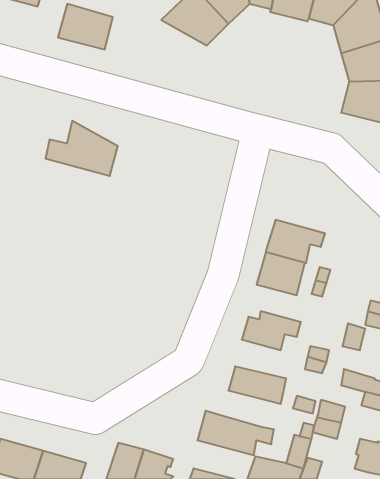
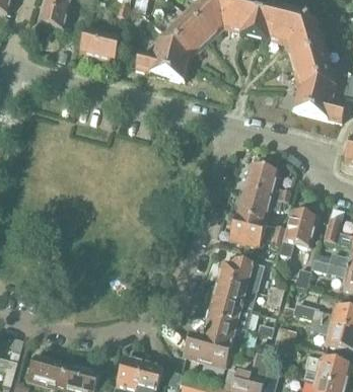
building: [45,121,118,176] -> [136,38,191,80]
building: none -> [242,164,290,202]
building: none -> [279,211,316,256]
building: none -> [212,280,257,310]
building: none -> [200,318,246,347]

